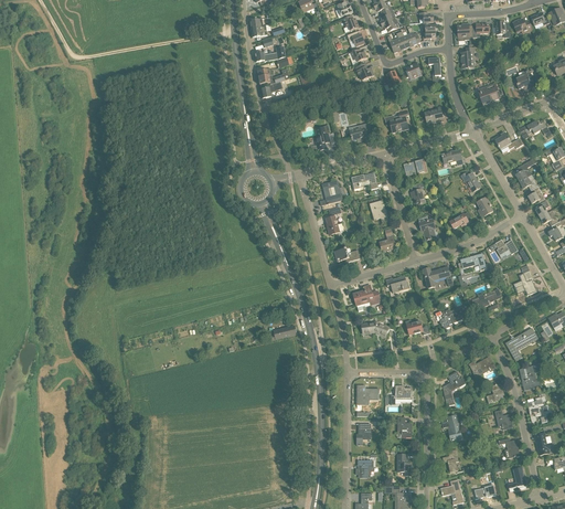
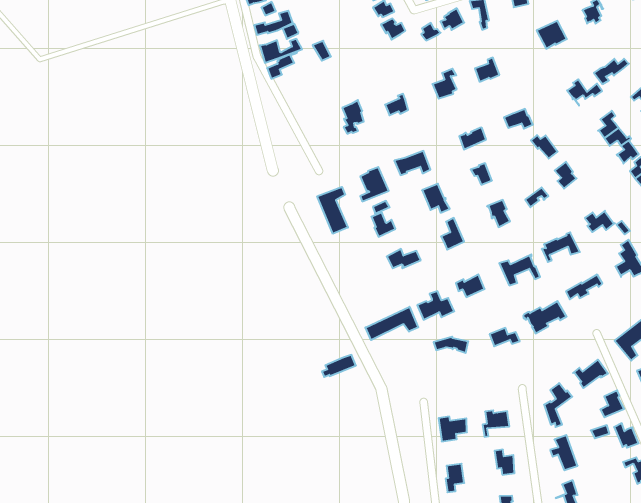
building: none -> [317,187,348,234]
building: none -> [365,307,418,340]

